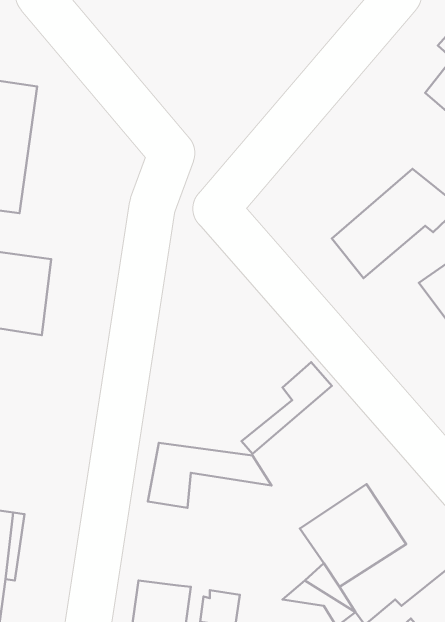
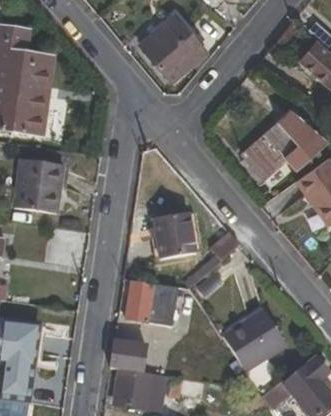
building: none -> [140,12,207,82]
building: none -> [153,213,196,259]
building: none -> [111,338,148,371]

